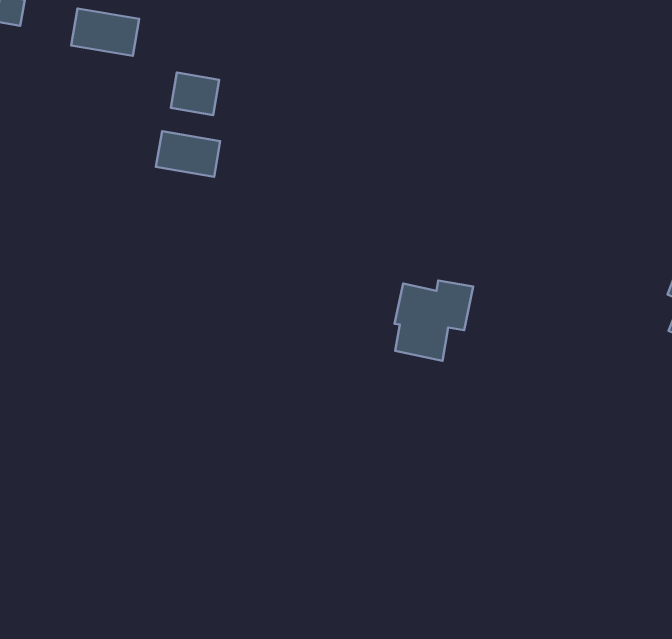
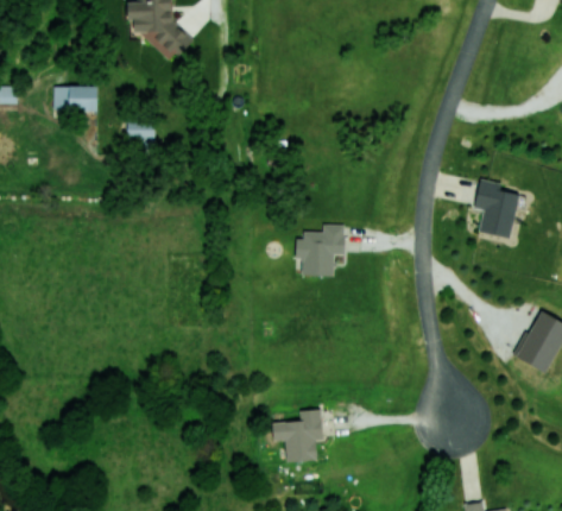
building: [156,131,220,177] -> none
building: none -> [271,409,323,462]

